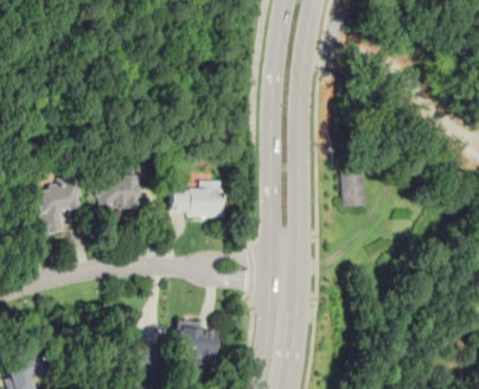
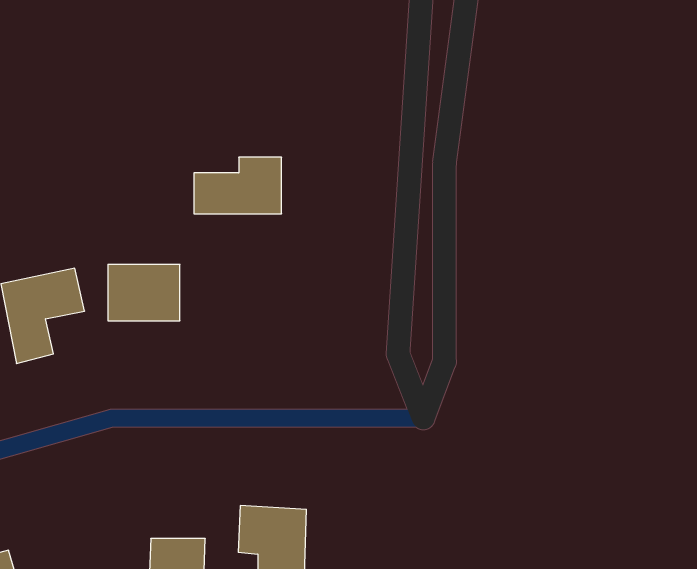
building: [343,172,366,208] -> none
building: [171,181,224,216] -> [194,157,282,214]

